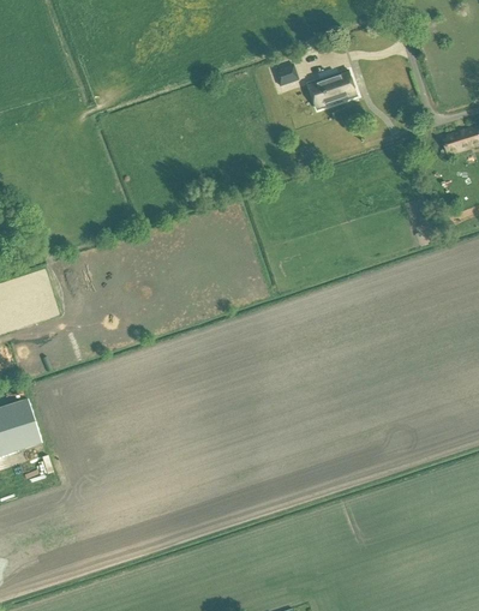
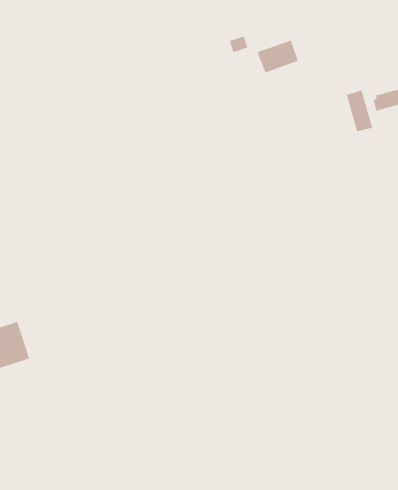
building: none -> [346,90,373,132]

